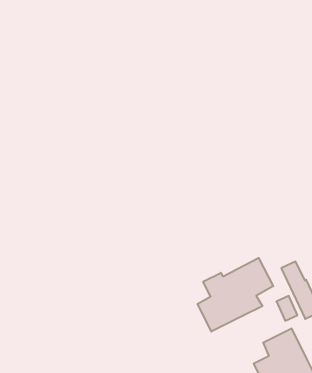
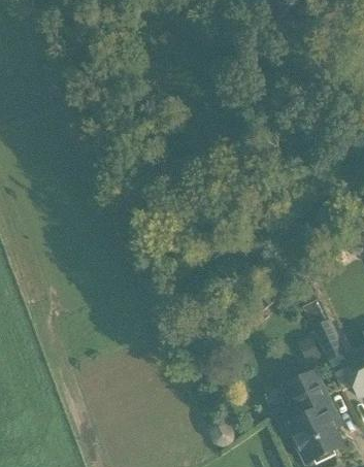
building: [198,258,273,332] -> none

